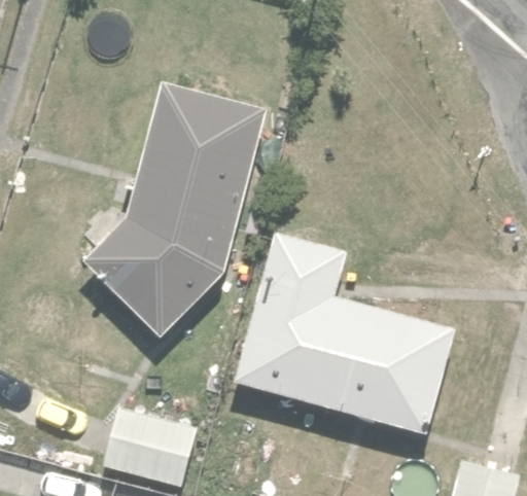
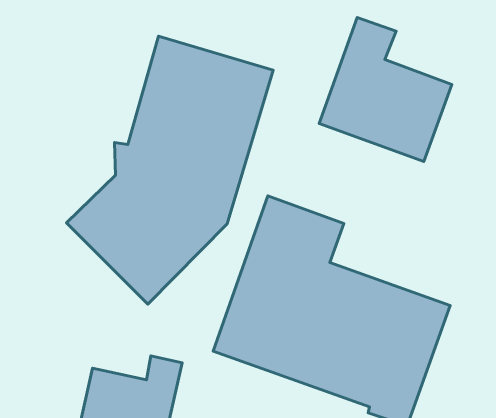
building: none -> [319,17,452,162]

